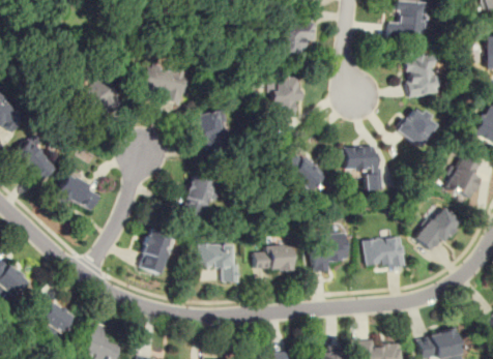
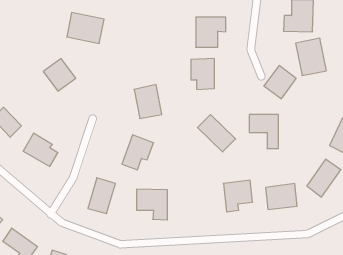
building: [140,62,187,101] -> [67,13,104,43]
building: [397,106,438,148] -> [264,66,296,99]
building: [256,244,292,270] -> none

